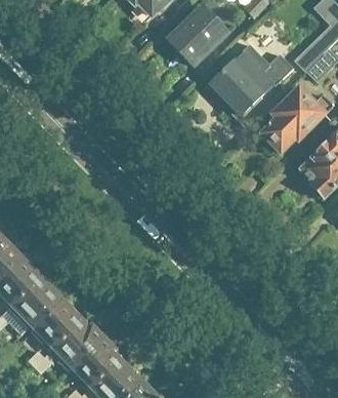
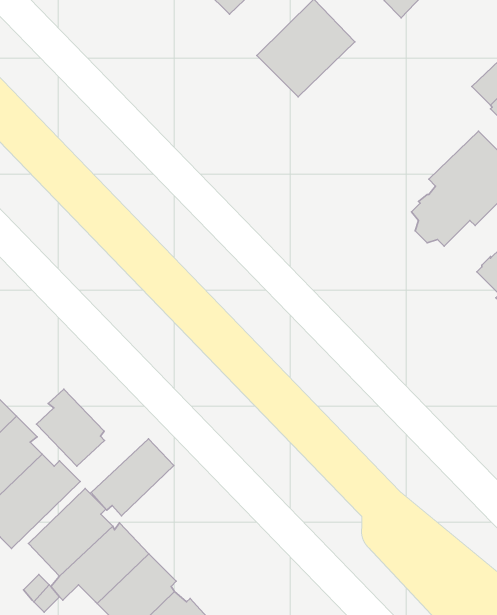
building: [209,42,293,117] -> none
building: none -> [36,389,105,466]
building: none -> [91,439,174,516]

